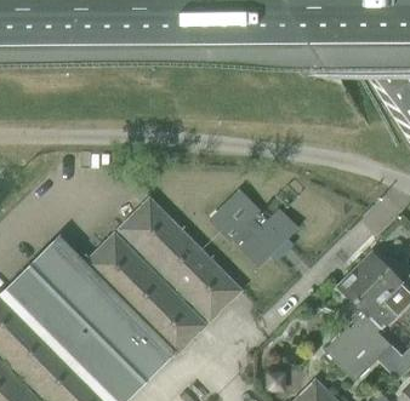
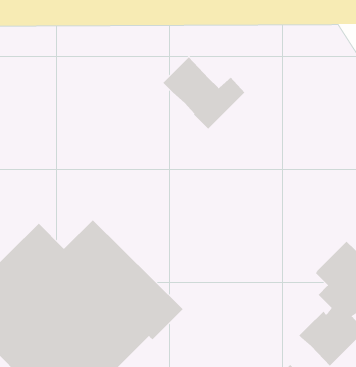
building: [211,191,295,265] -> [163,56,245,129]
building: [118,199,240,321] -> none

